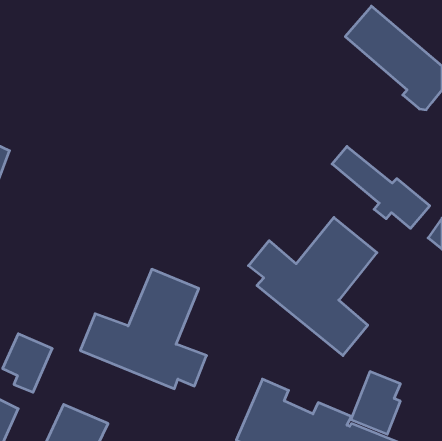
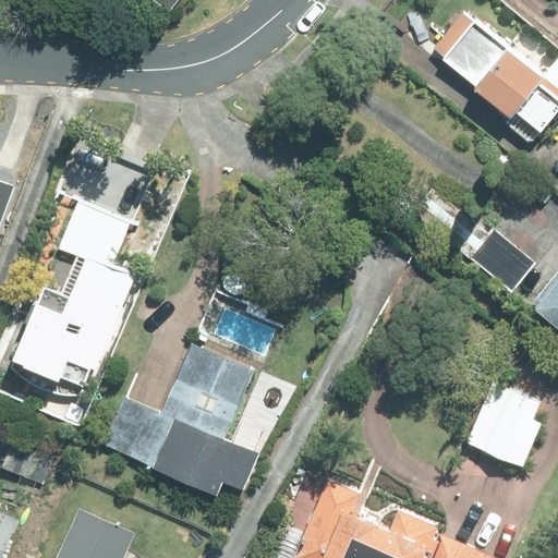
building: none -> [16,201,136,376]
building: [248,217,377,356] -> none
building: [351,372,400,434] -> [480,388,542,466]

